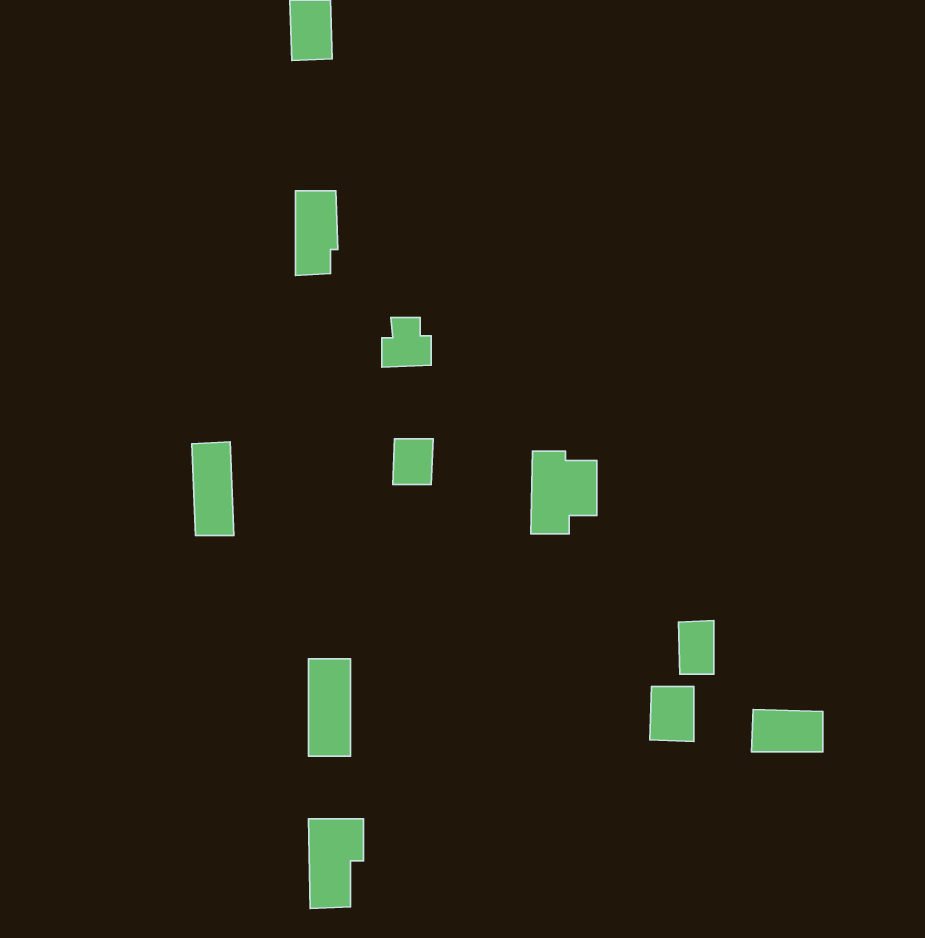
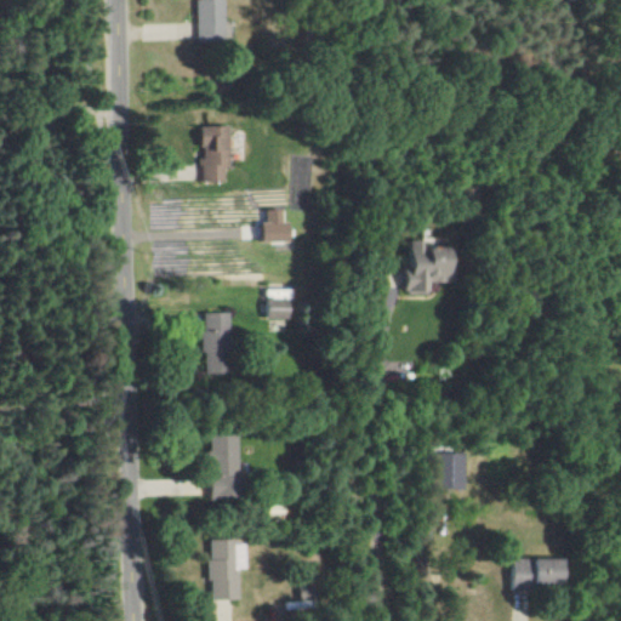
building: [192,442,234,536] -> [205,312,233,374]
building: [531,451,597,534] -> [405,240,449,295]
building: [678,621,714,674] -> none
building: [751,710,823,752] -> [511,558,558,586]

